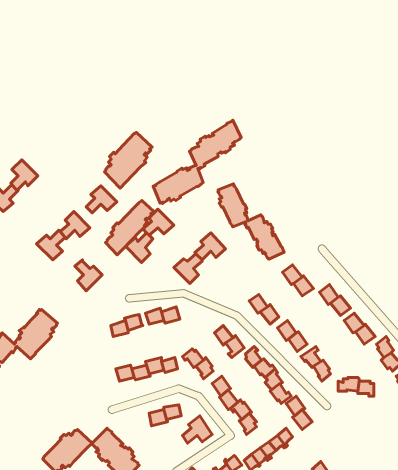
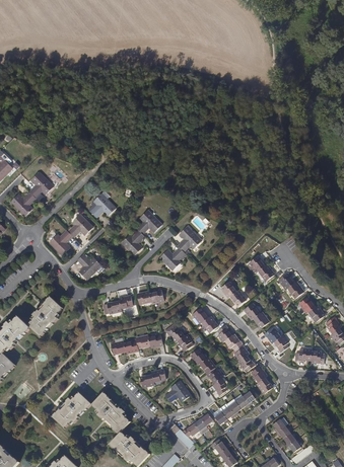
building: [153,120,241,203] -> none
building: [105,132,152,188] -> none
building: [218,184,284,259] -> none
building: [106,201,154,255] -> none

